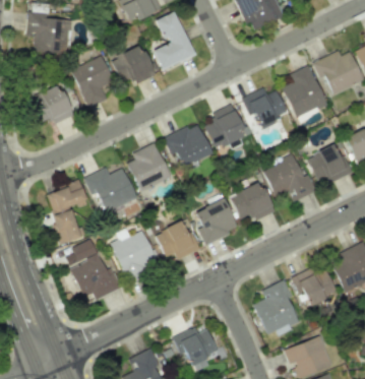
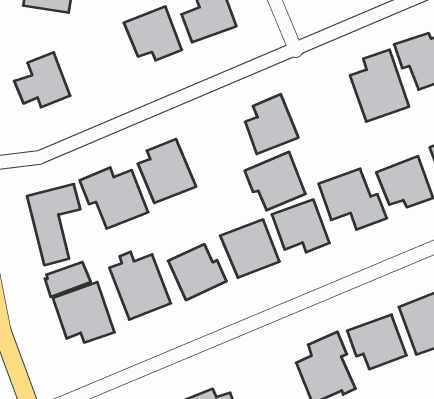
building: [71,55,113,108] -> none
building: [243,87,288,128] -> none
building: [165,122,211,167] -> [245,152,306,210]

